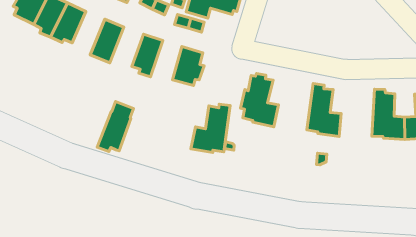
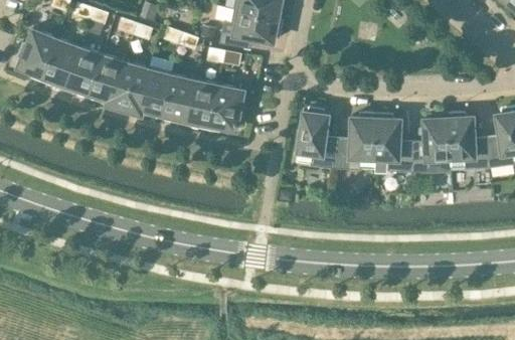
building: none -> [90,55,125,106]
building: none -> [185,80,218,128]
building: none -> [412,114,451,173]
building: [97,102,134,152] -> [136,57,174,117]
building: [191,104,230,153] -> [335,114,376,171]

